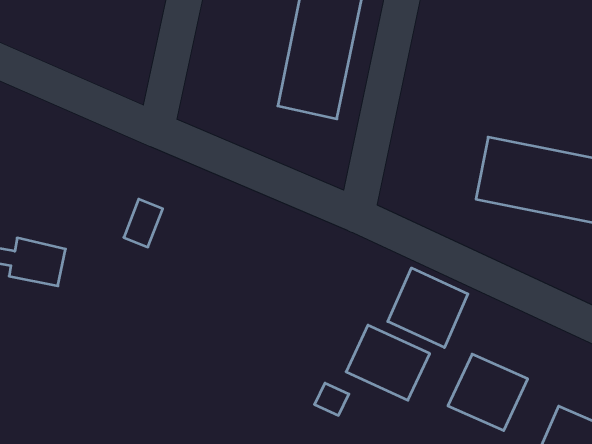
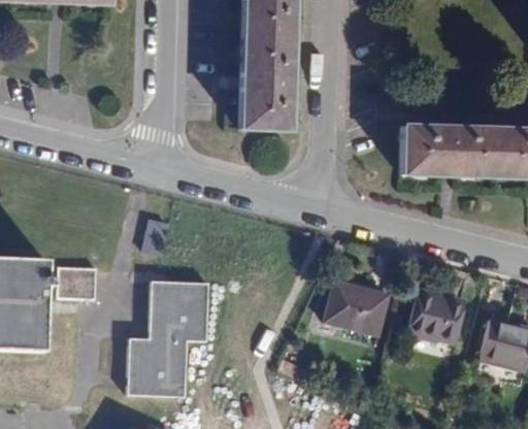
building: [388,268,468,348] -> none
building: none -> [130,280,209,394]

